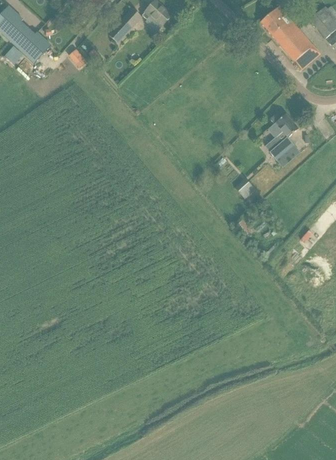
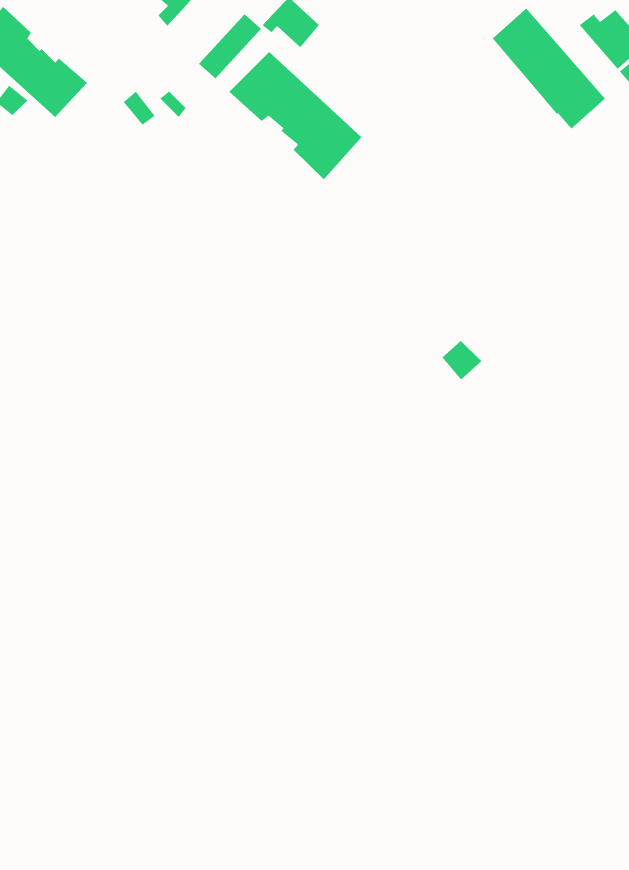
building: none -> [229,51,362,180]
building: [269,113,298,160] -> none

